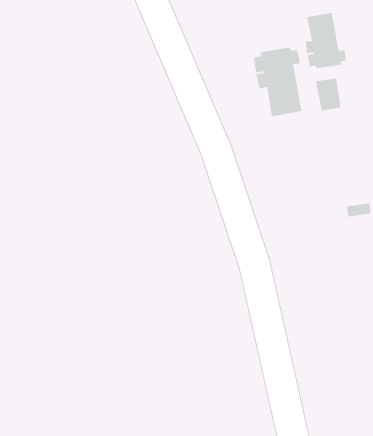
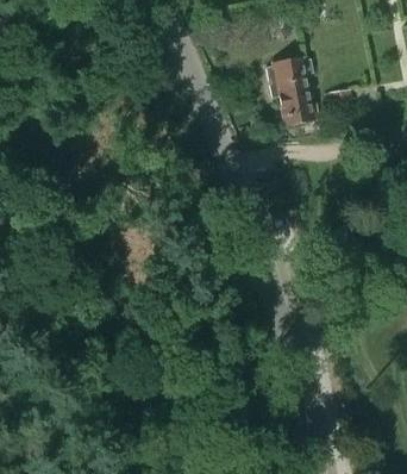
building: [305,12,346,69] -> none

